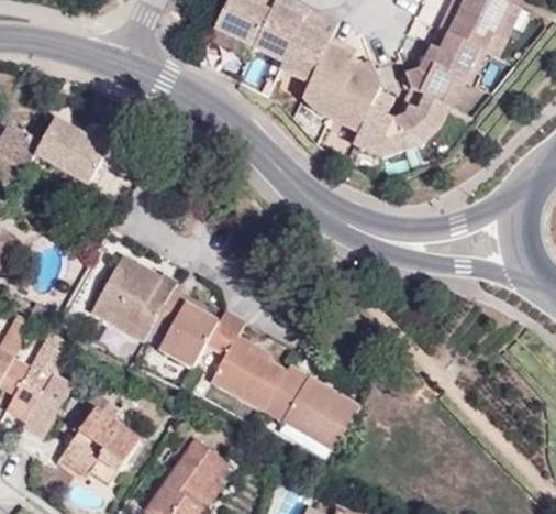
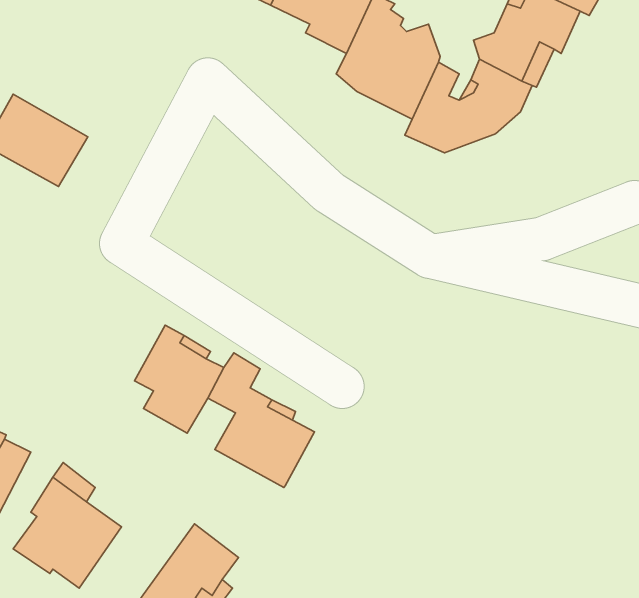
building: [89,253,176,340] -> none
building: [262,363,358,449] -> none

